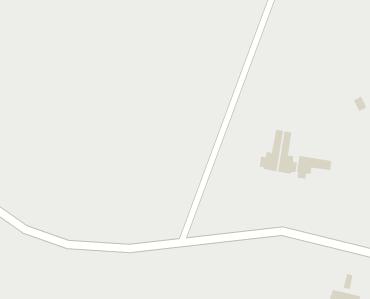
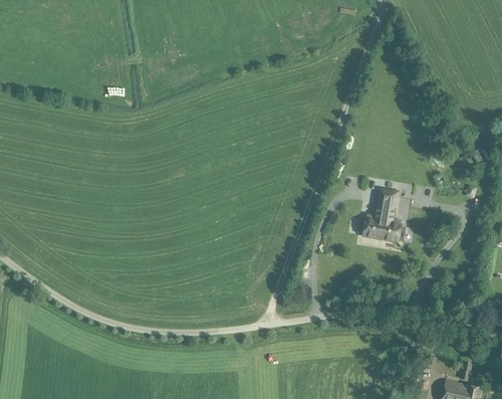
building: [296,155,332,180] -> none

